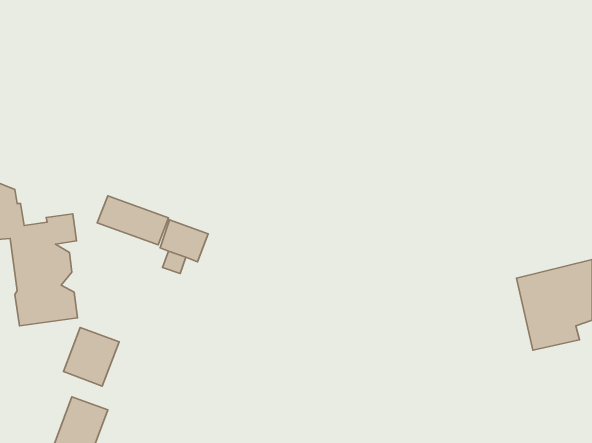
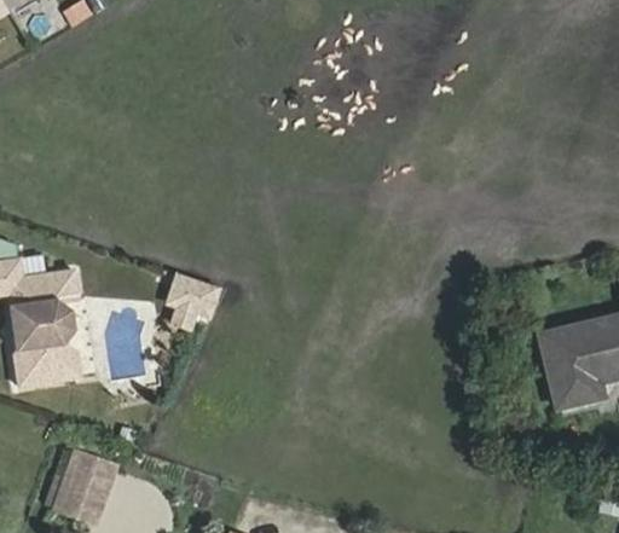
building: [97,196,169,245] -> none
building: [63,327,119,386] -> none

